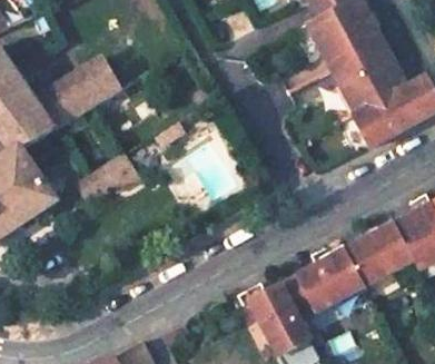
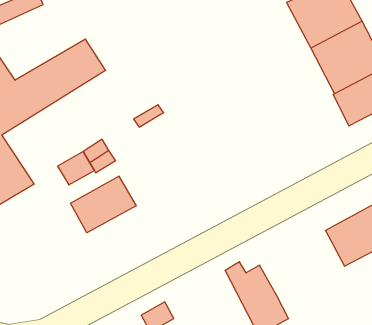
building: none -> [71,176,136,233]
building: [279,248,364,313] -> none

